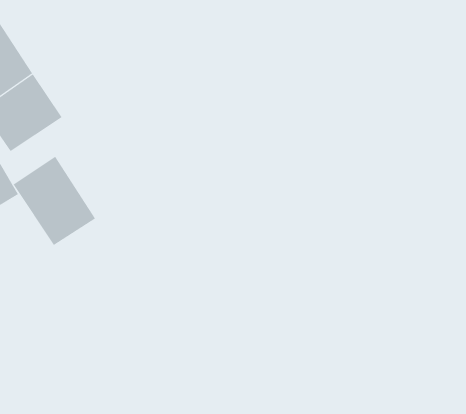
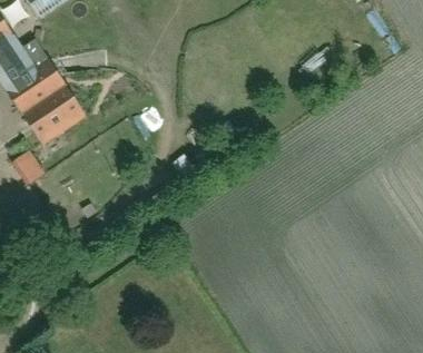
building: [13,156,96,246] -> none

